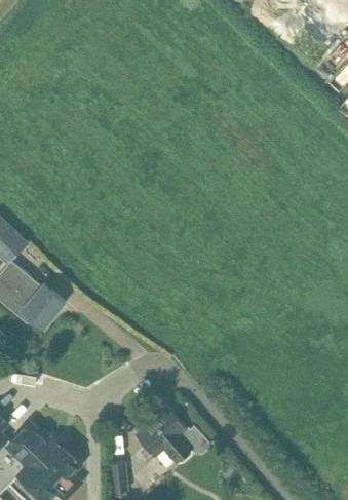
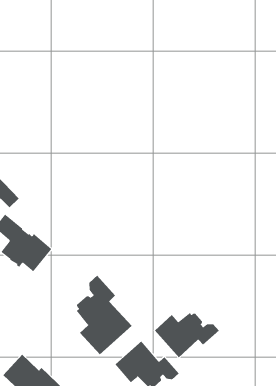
building: none -> [76,275,133,355]
building: none -> [154,312,220,358]

